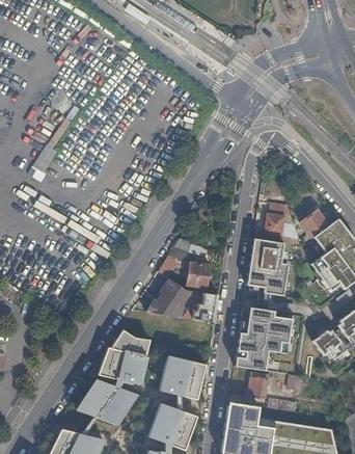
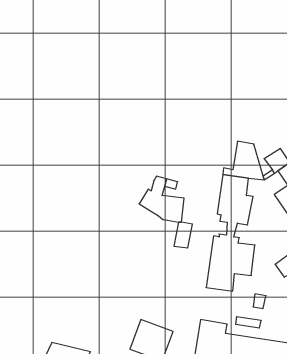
building: [151,274,191,317] -> none
building: [99,330,151,385] -> none
building: [159,355,206,399] -> none
building: [248,373,269,400] -> none
building: [77,379,136,425] -> none

